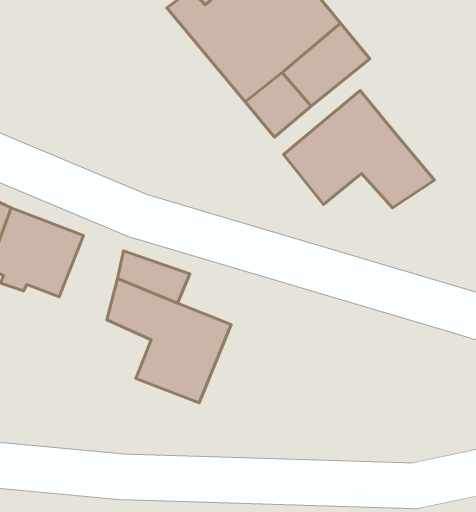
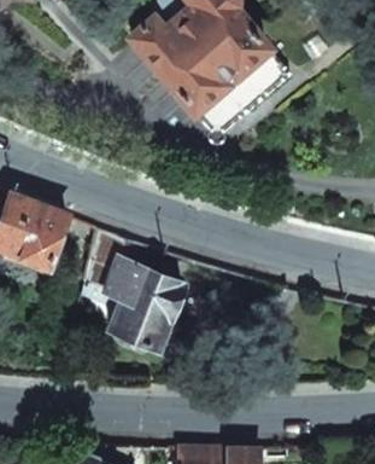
building: [284,91,434,208] -> none

